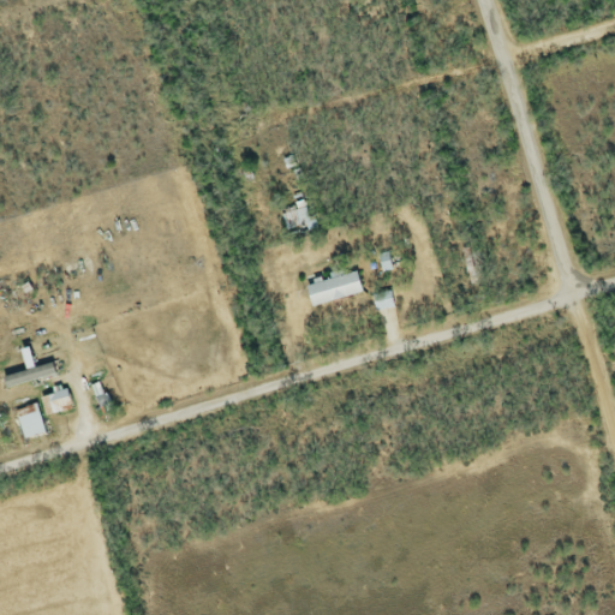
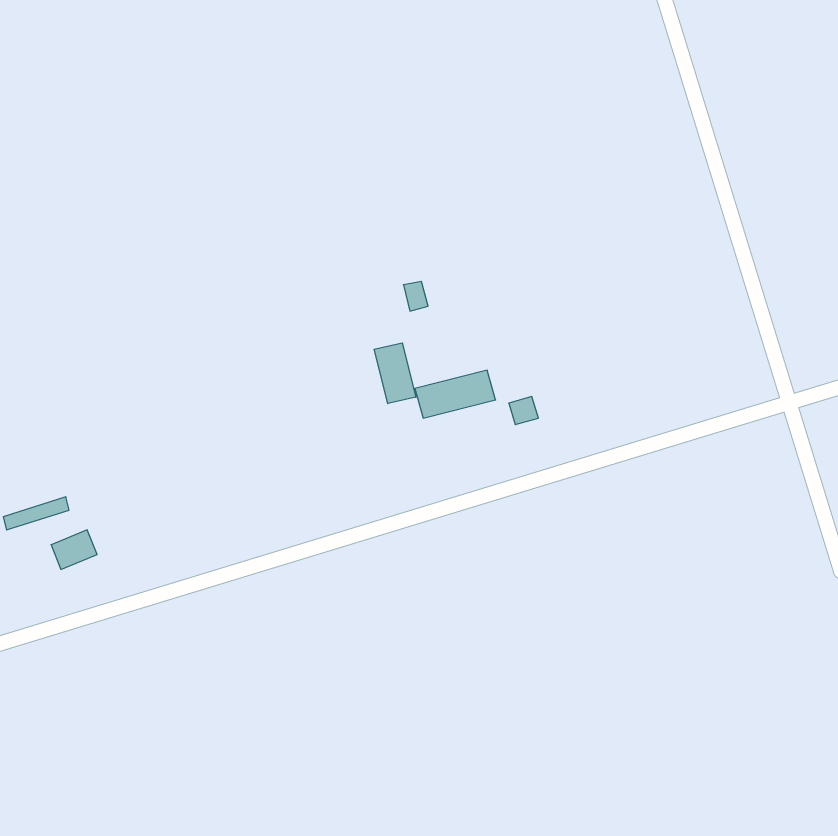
building: none -> [374,343,416,404]
building: [16,402,46,438] -> none

